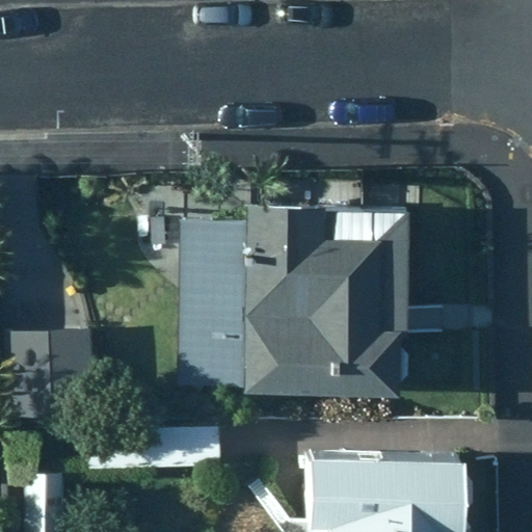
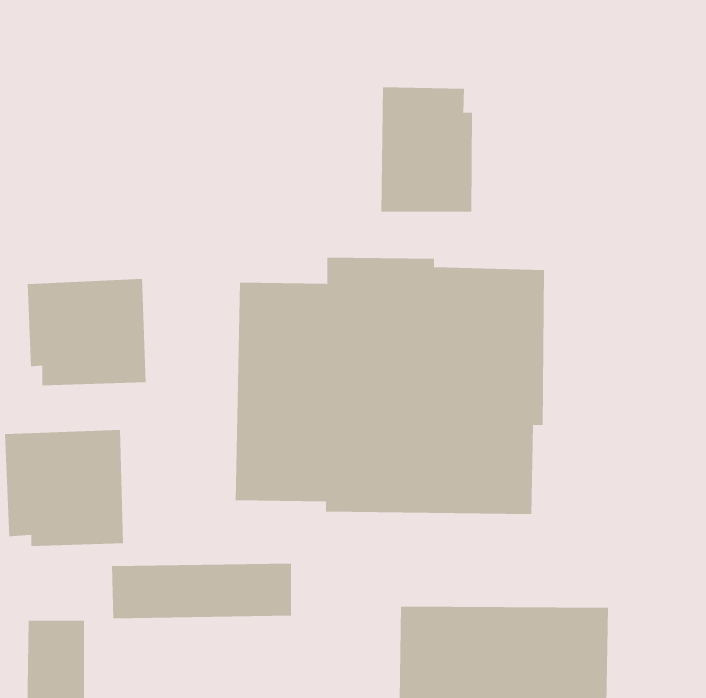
building: none -> [381,86,473,212]
building: none -> [27,278,146,386]

